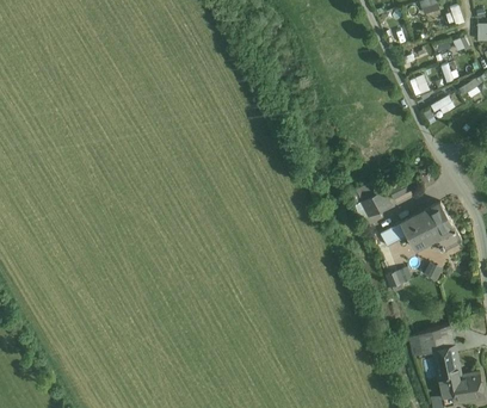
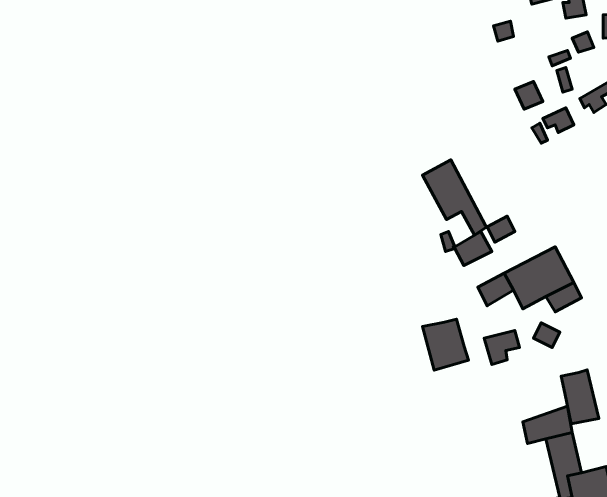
building: none -> [422,160,487,235]
building: none -> [423,319,469,370]
building: none -> [561,370,599,424]

